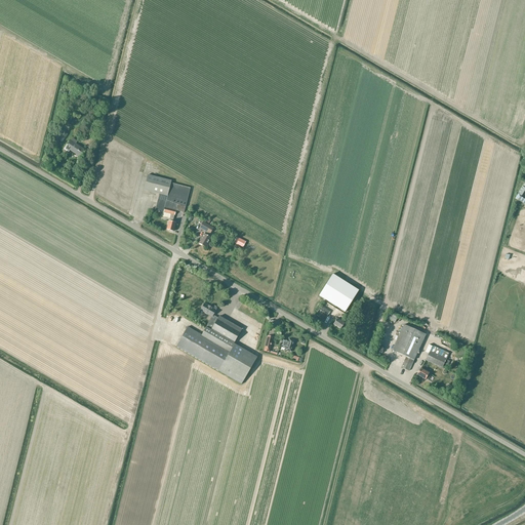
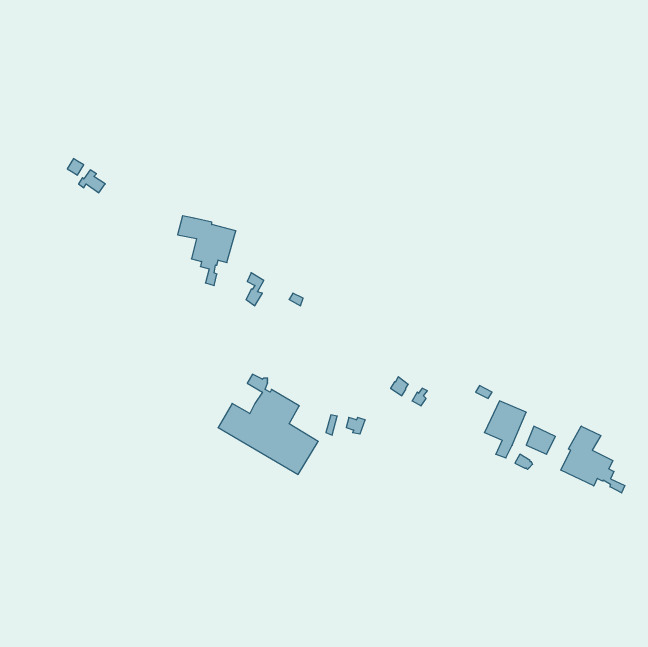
building: [313,273,356,311] -> none
building: none -> [561,426,625,493]

